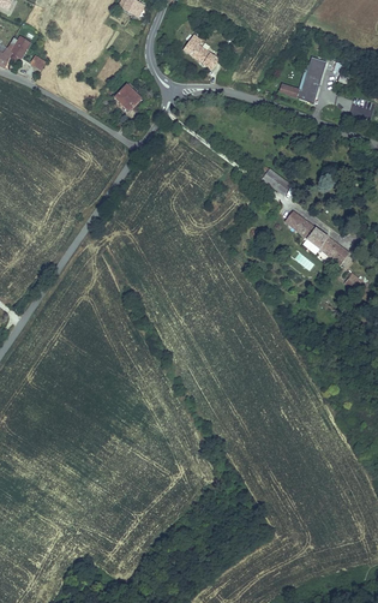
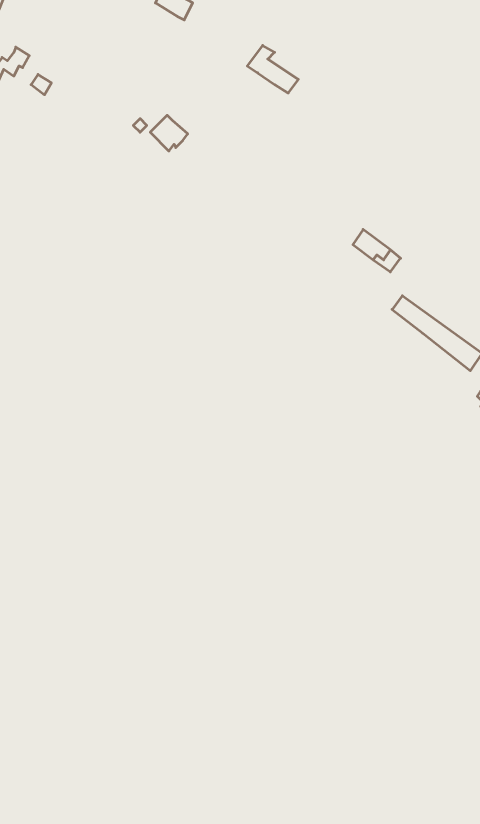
building: [278,55,325,102] -> none

